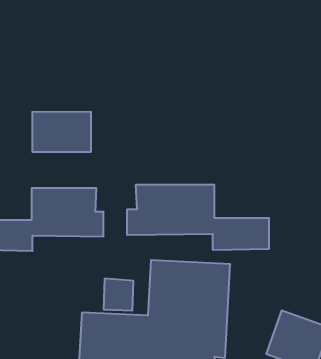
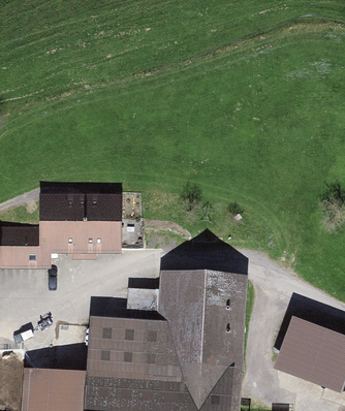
building: [33,112,91,152] -> none
building: [127,185,269,250] -> none

